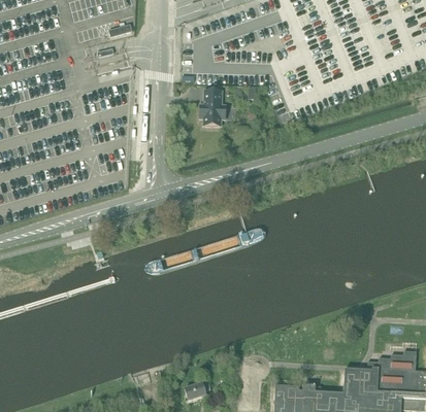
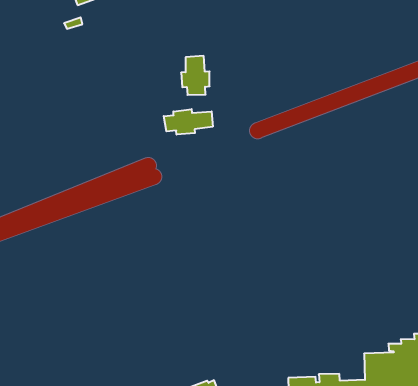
building: none -> [164,109,213,135]

